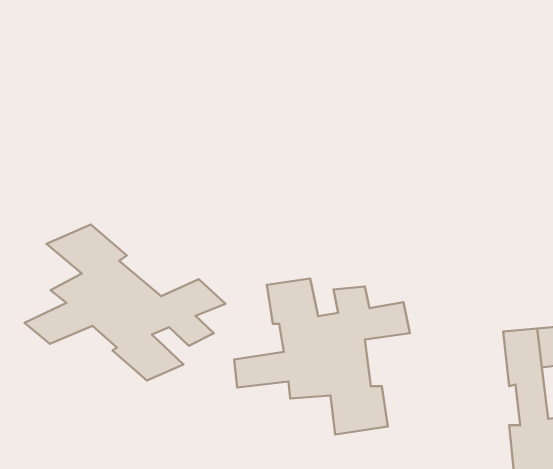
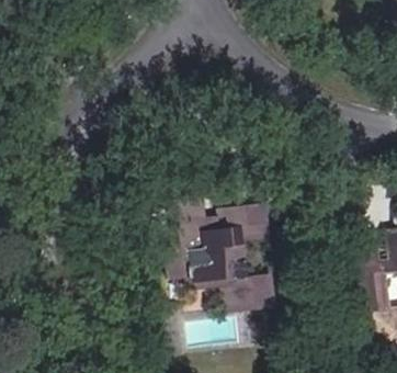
building: [24,224,225,381] -> none

